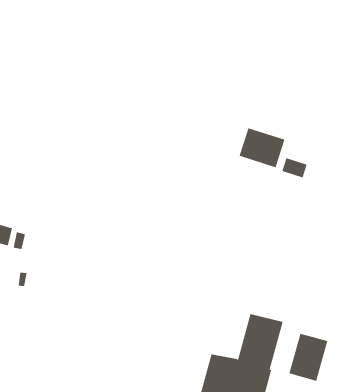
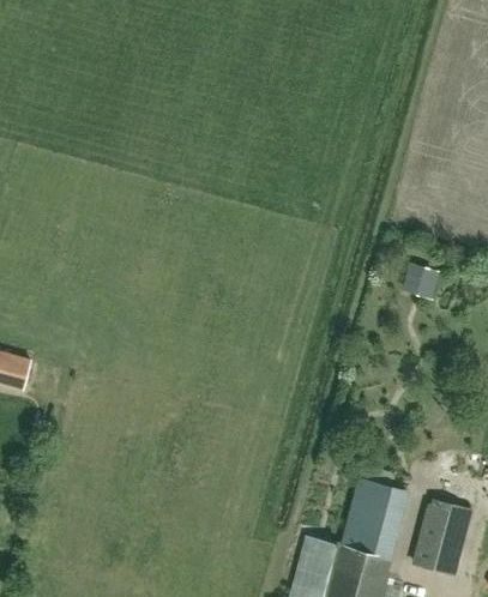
building: [239,127,285,168] -> none

